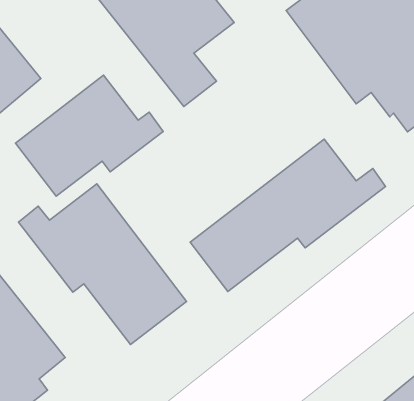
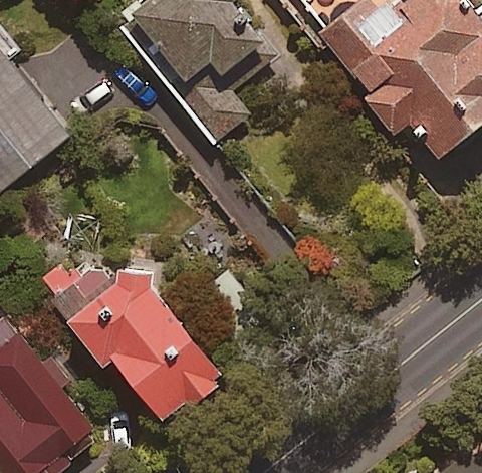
building: [16,75,163,196] -> none
building: [190,139,386,291] -> none

